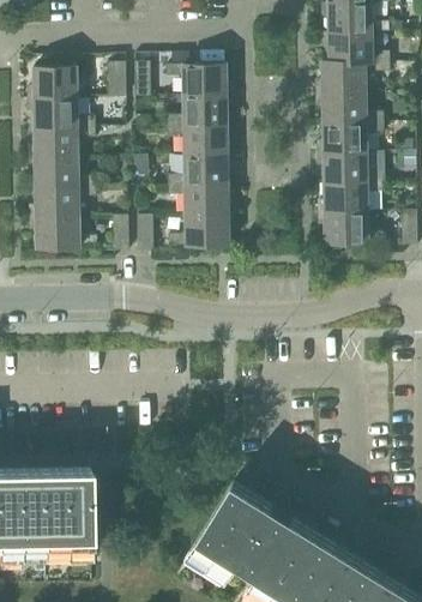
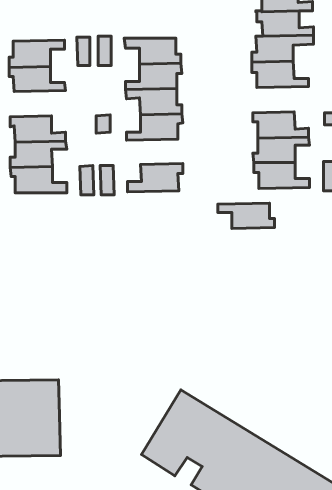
building: [318,122,384,153] -> none
building: [29,127,96,158] -> none
building: [168,185,235,215] -> [218,203,274,229]

